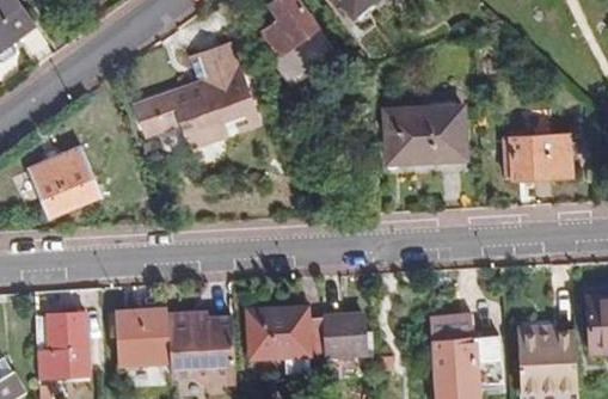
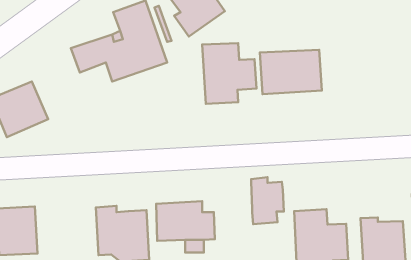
building: none -> [202,43,256,104]
building: [504,131,571,182] -> none
building: [108,307,168,363] -> none
building: [323,313,366,375] -> [251,177,284,224]

